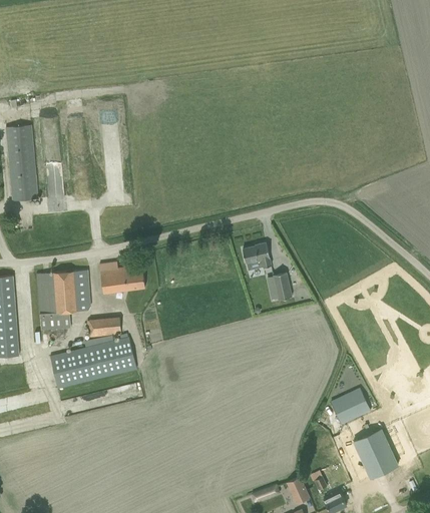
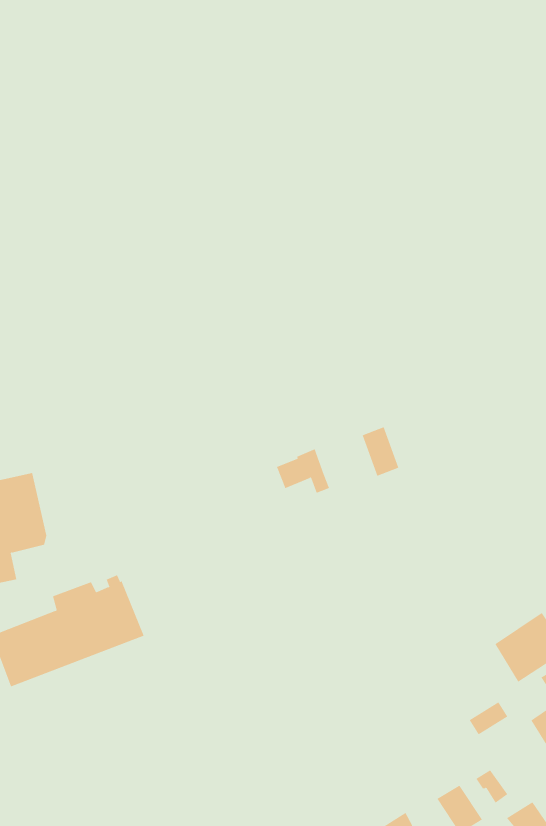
building: [243,242,271,268] -> [276,449,330,494]
building: [99,263,144,294] -> none
building: [89,318,120,336] -> none

